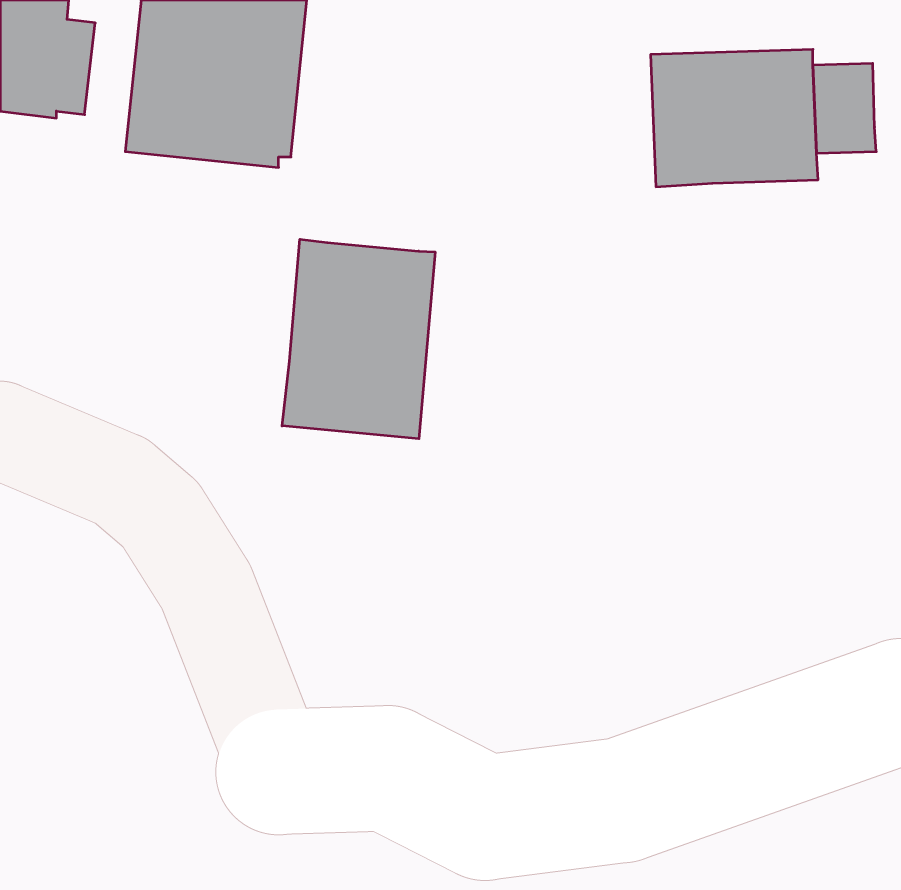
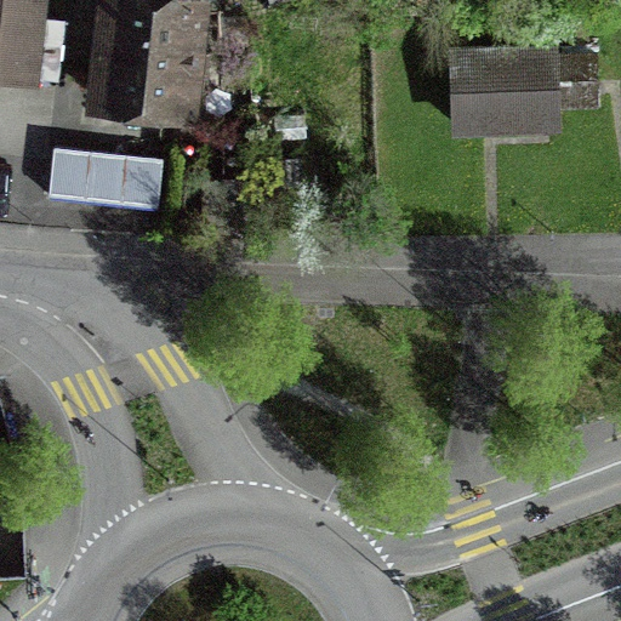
building: none -> [49,149,164,222]
building: [282,239,435,439] -> none

